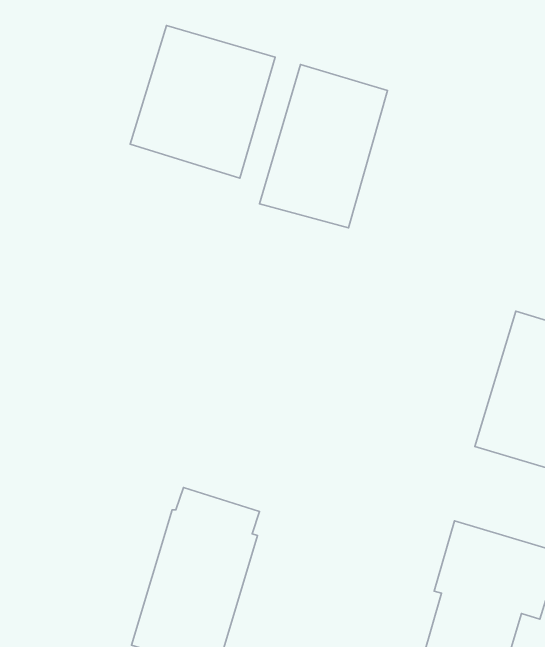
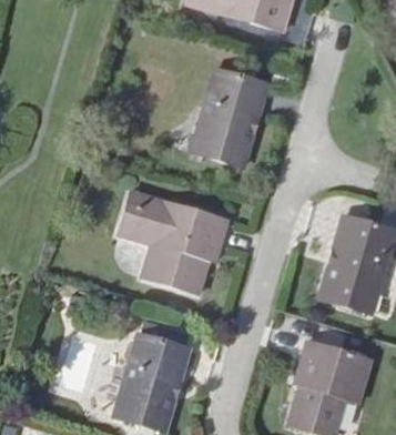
building: [130,26,275,178] -> none
building: none -> [120,194,226,295]

